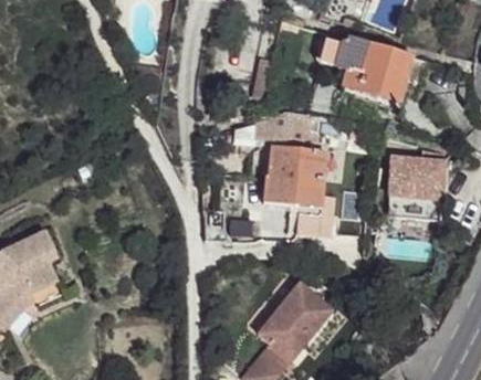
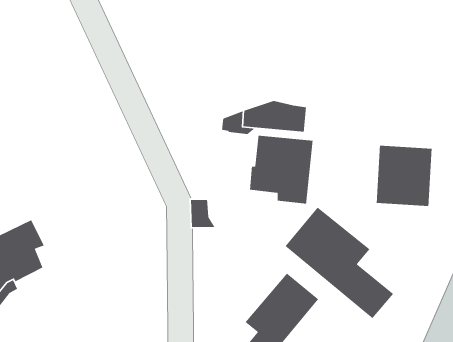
building: [342,30,420,95] -> none
building: none -> [284,206,394,319]

